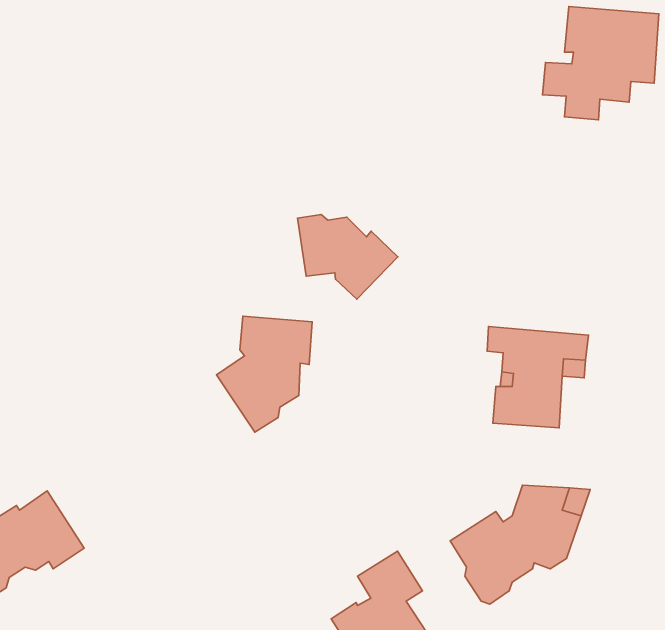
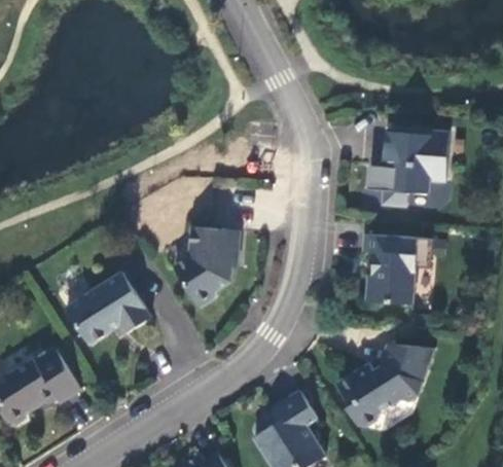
building: [543,7,659,120] -> [367,128,448,207]
building: [297,214,398,299] -> none
building: none -> [65,272,150,345]

